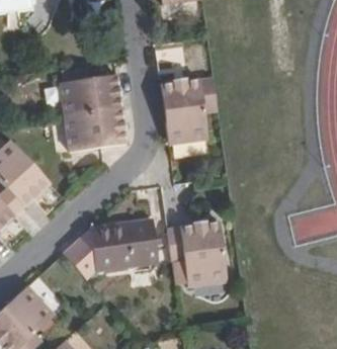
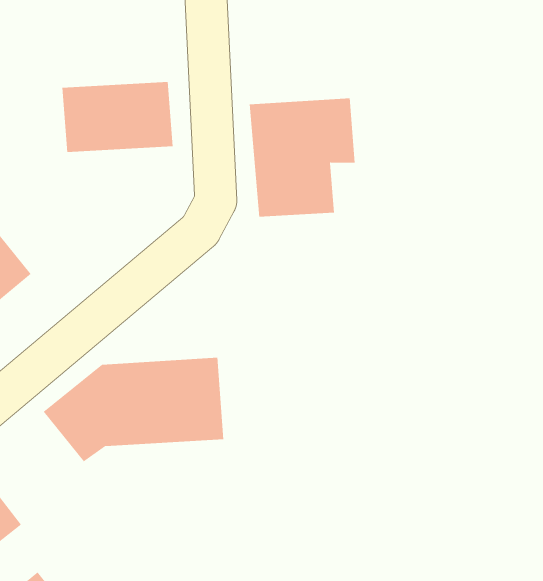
building: [65,109,127,152] -> none
building: [167,222,228,286] -> none

